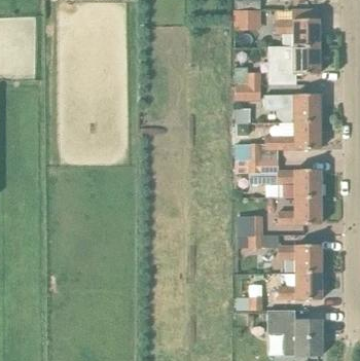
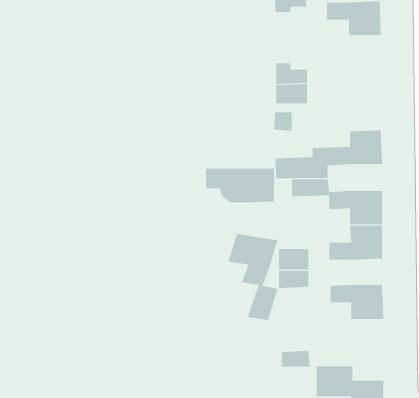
building: [268,46,319,82] -> none
building: [263,95,319,122] -> [205,168,275,203]
building: none -> [228,233,278,321]
building: [277,273,321,300] -> none

